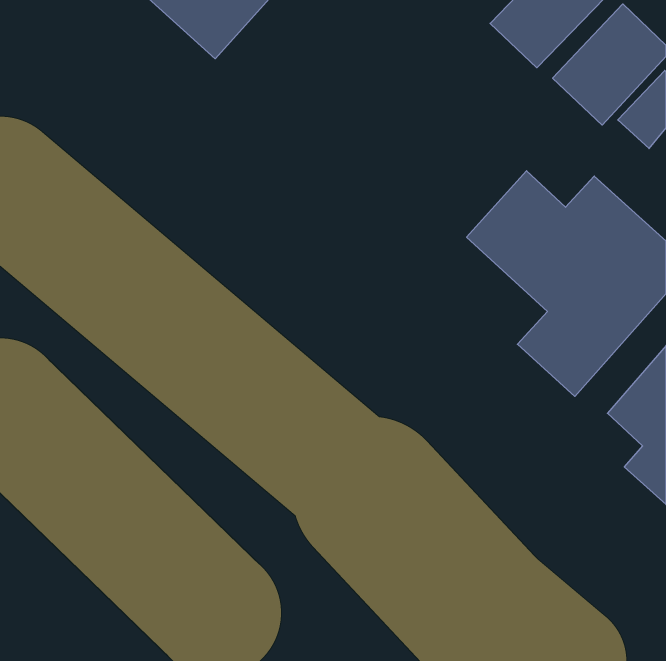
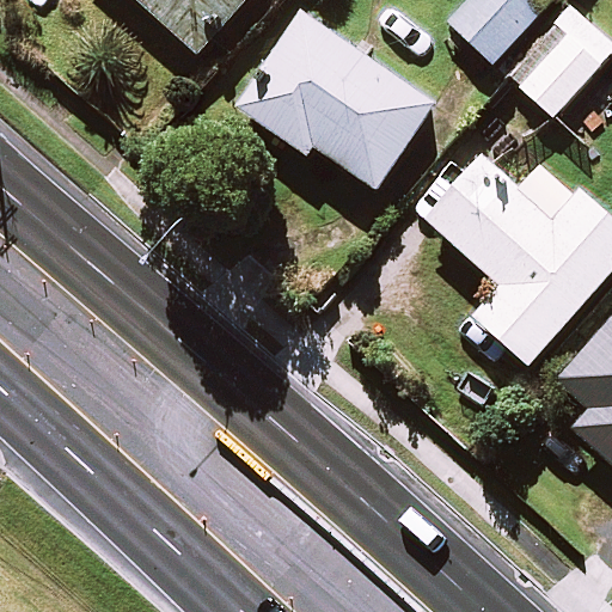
building: none -> [238,13,435,189]

